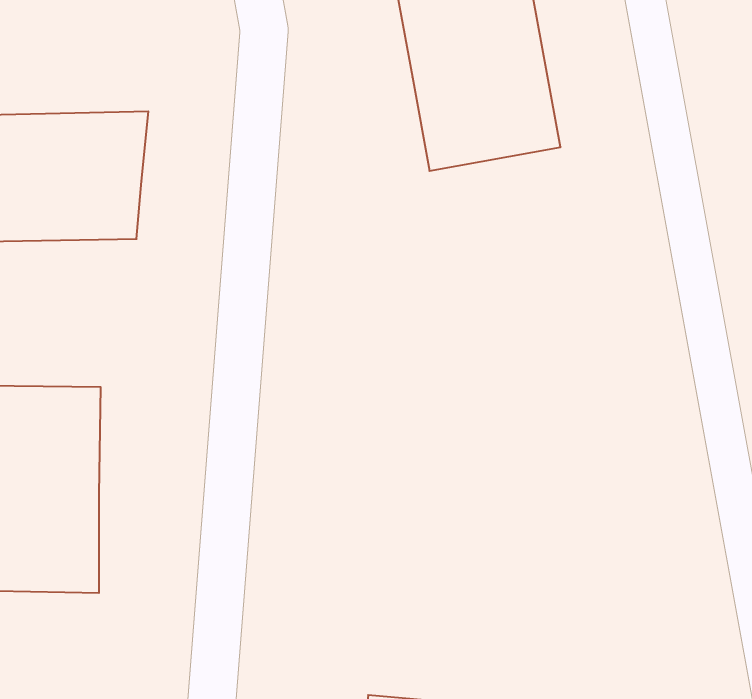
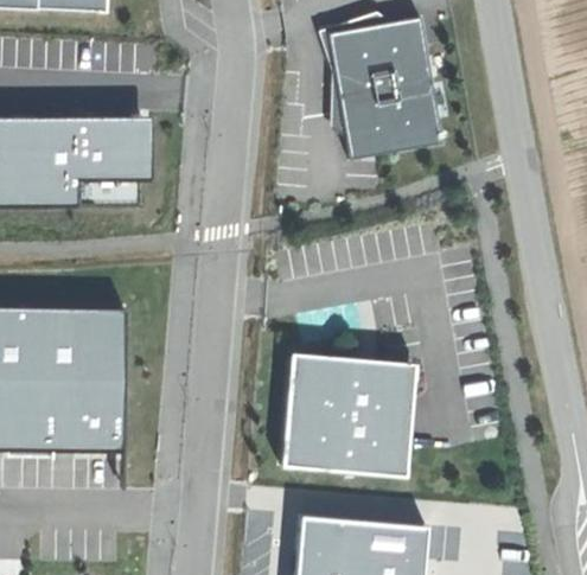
building: none -> [280,359,414,473]

